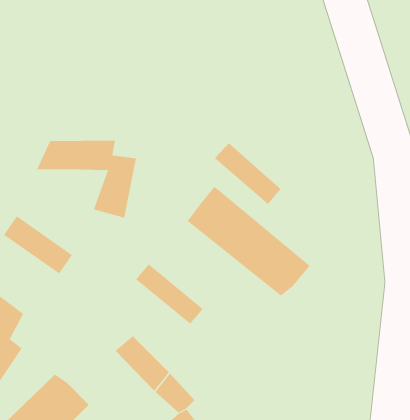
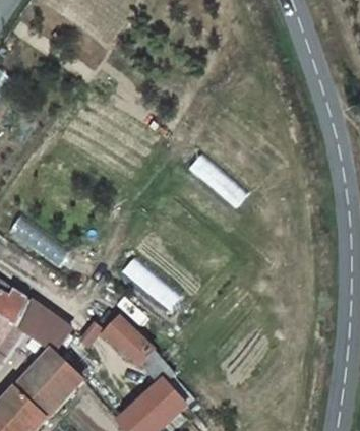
building: [36,140,136,218] -> none
building: [187,186,311,297] -> none
building: none -> [15,300,68,350]

